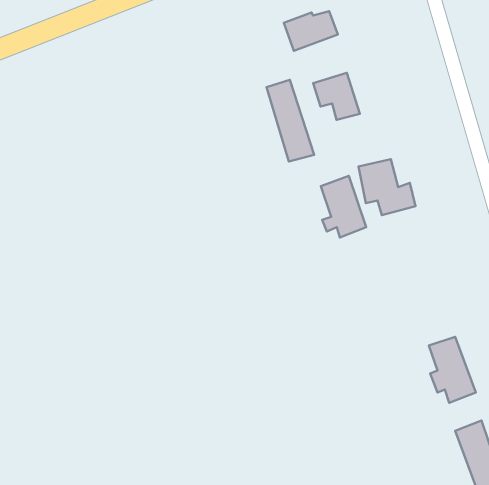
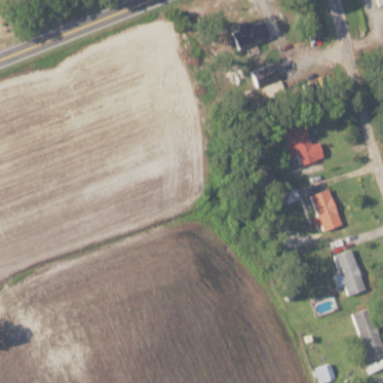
building: [267,80,314,162] -> none
building: [321,176,366,237] -> [311,188,343,231]

